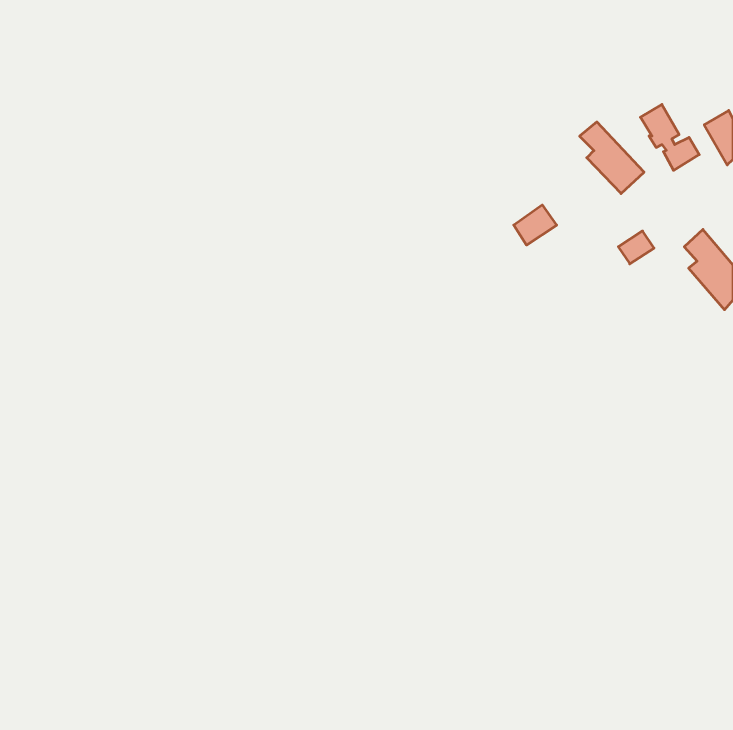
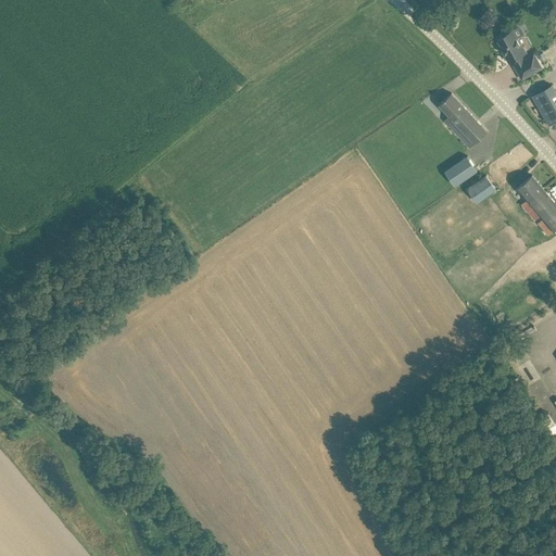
building: [640,104,699,170] -> [497,30,542,80]
building: [514,205,557,245] -> [445,156,478,187]

